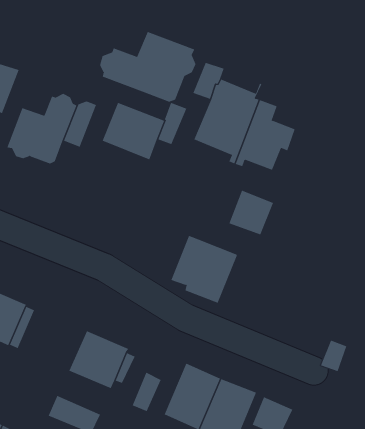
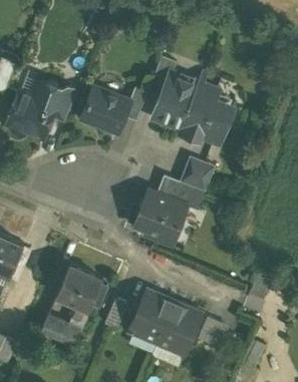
building: [100,31,196,103] -> none
building: none -> [157,175,205,212]
building: none -> [46,297,88,331]

